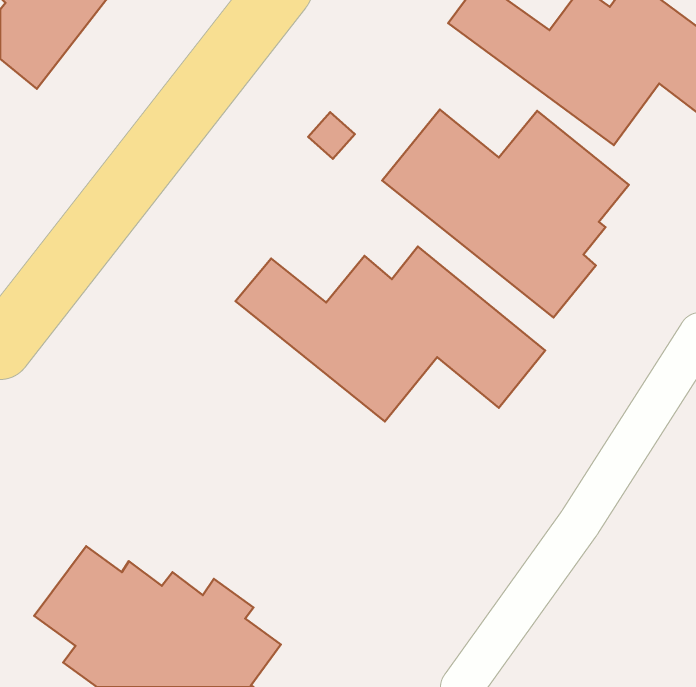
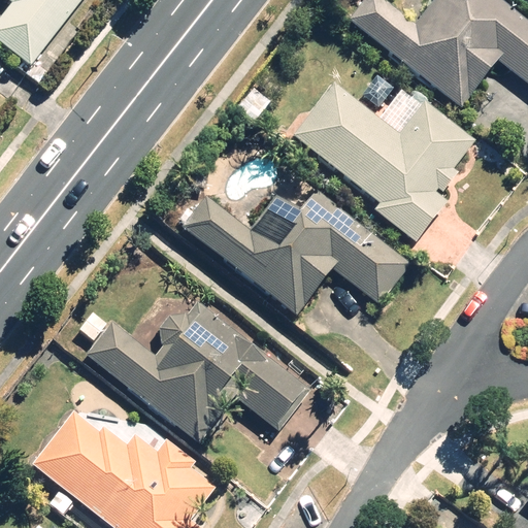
building: none -> [82,297,309,439]

